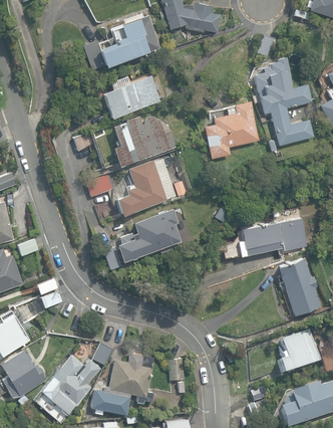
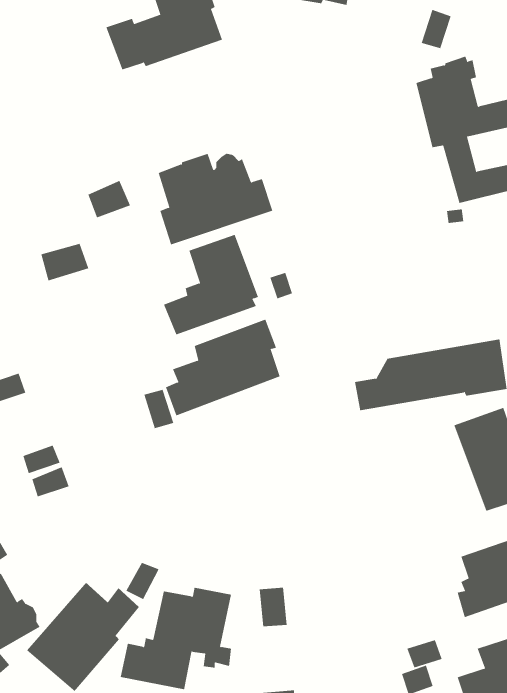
building: [102,75,160,119] -> none
building: [204,100,259,159] -> none
building: [86,176,113,197] -> [41,243,89,281]

